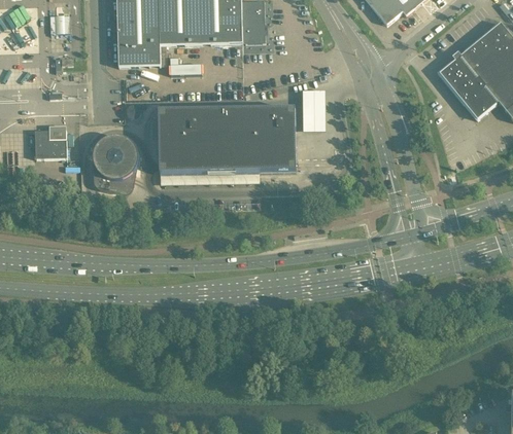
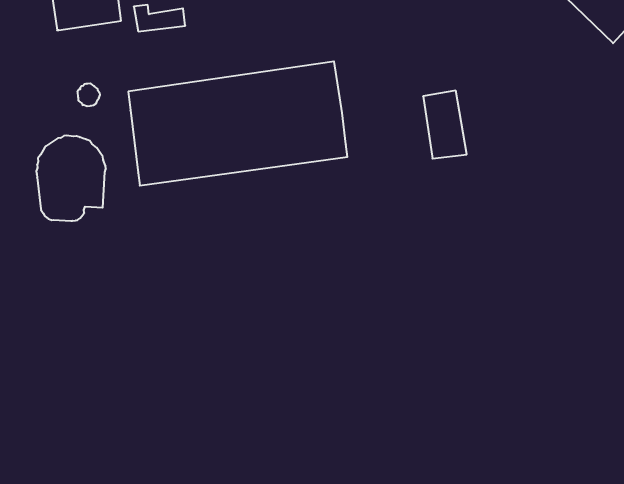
building: [302,92,326,134] -> [423,91,467,159]

